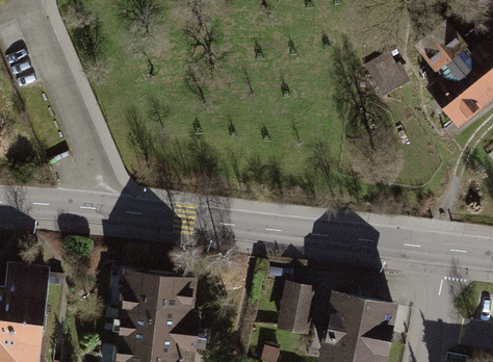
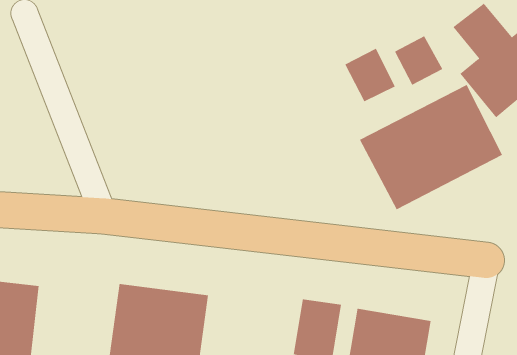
building: none -> [344,48,395,102]
building: none -> [359,84,503,210]

